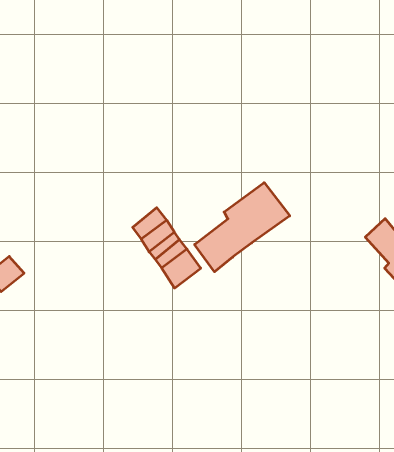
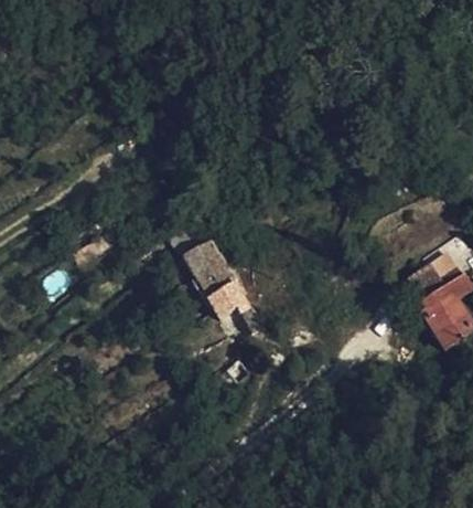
building: [195,183,290,272] -> none

